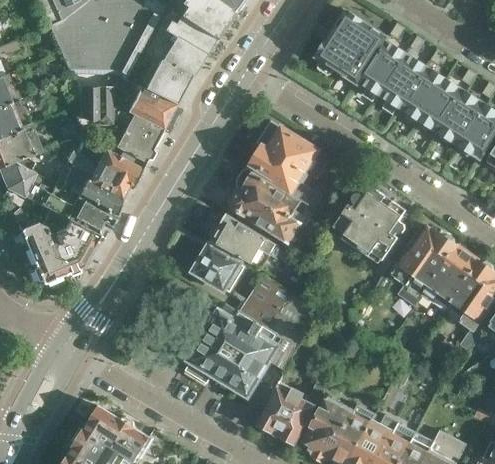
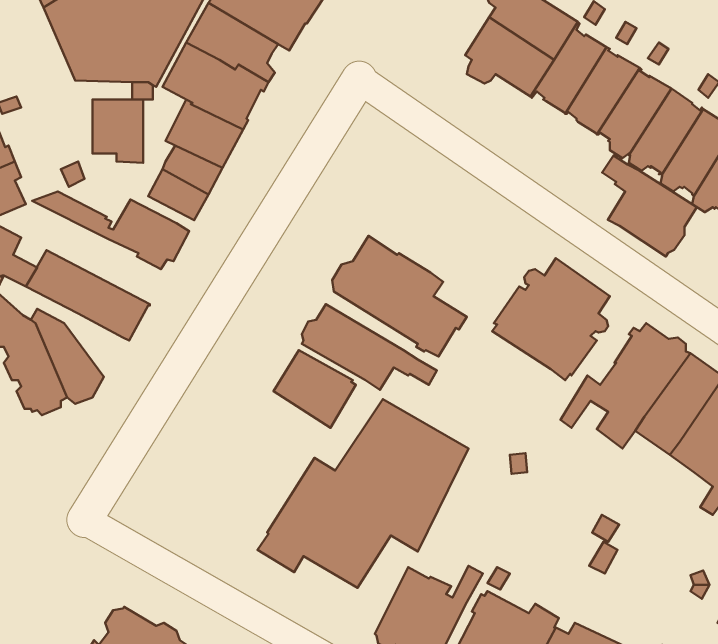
building: [252,120,337,219] -> none
building: none -> [602,155,697,256]
building: [55,162,123,215] -> none
building: [45,210,103,262] -> none

